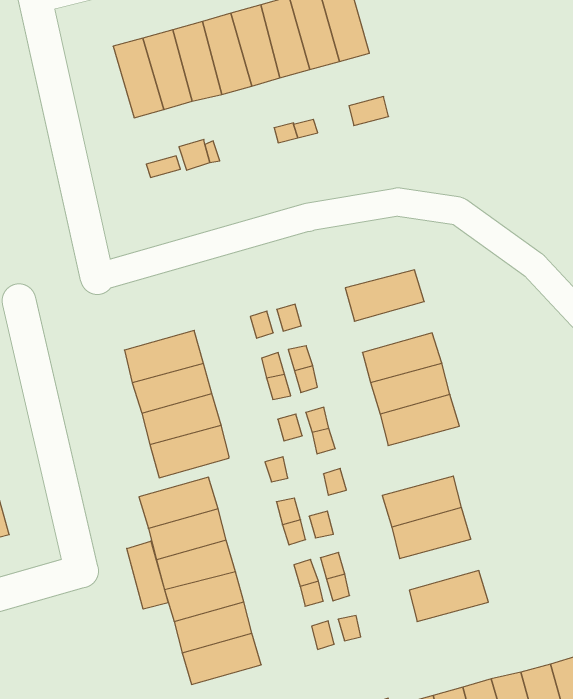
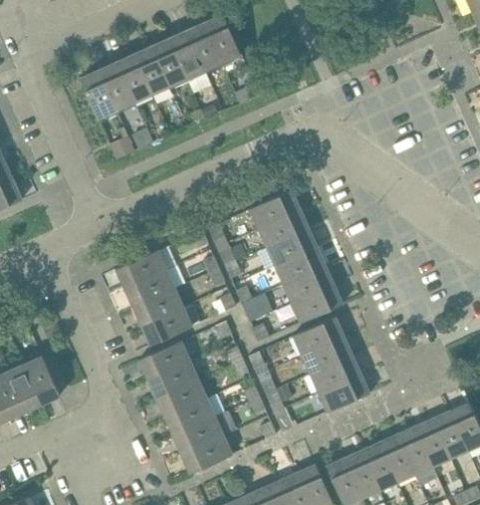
building: none -> [258,209,308,247]
building: none -> [291,284,342,322]
building: none -> [309,354,361,393]
building: [127,541,168,609] -> none

